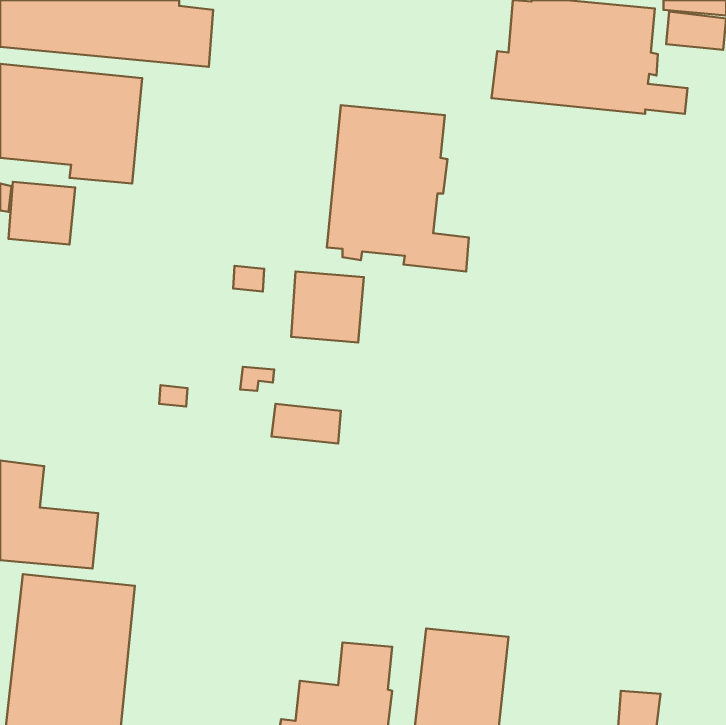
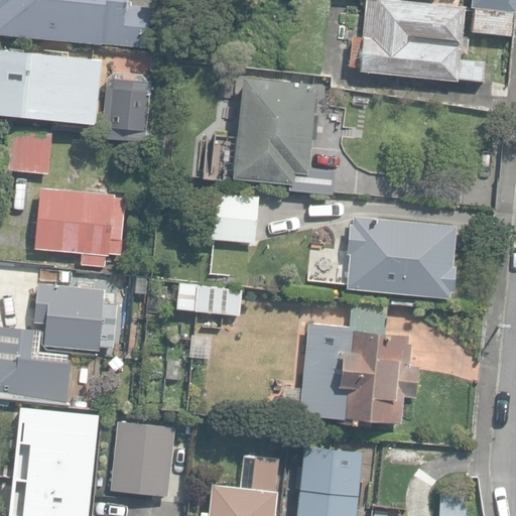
building: none -> [103,80,150,142]
building: none -> [35,186,125,264]
building: none -> [346,216,455,296]
building: none -> [33,281,116,350]
building: none -> [299,300,418,423]
building: none -> [111,422,175,498]

